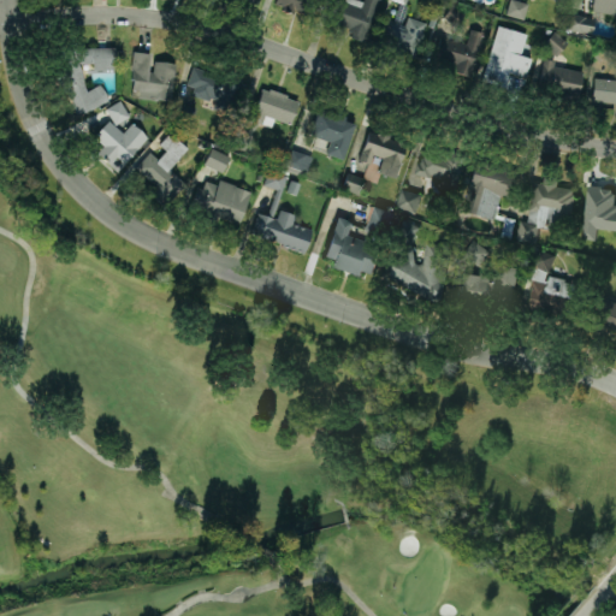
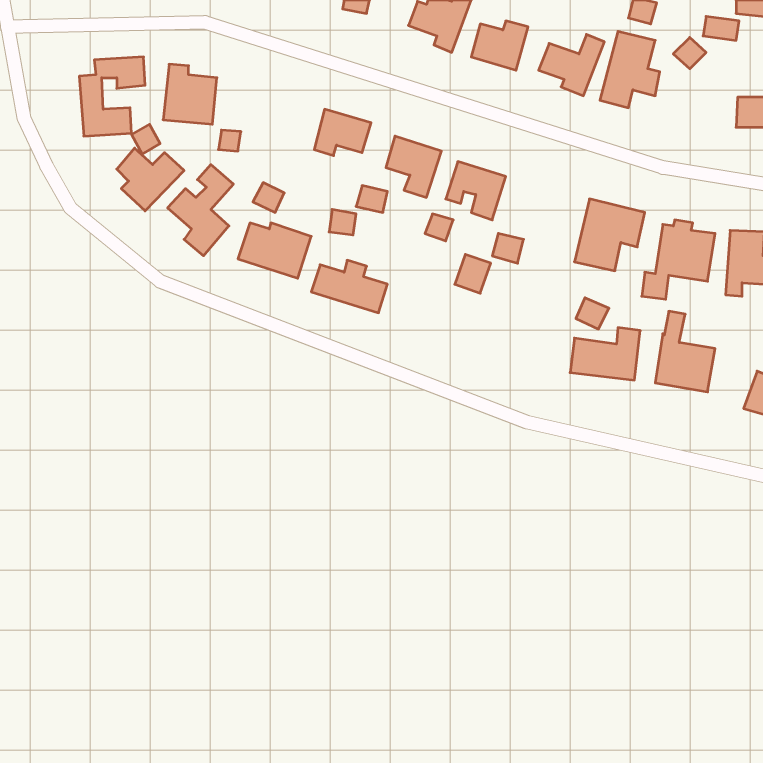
building: [540,59,584,95] -> none
building: [189,67,245,117] -> none
building: [417,147,464,188] -> none
building: [324,218,383,274] -> none
building: [390,220,450,300] -> none

